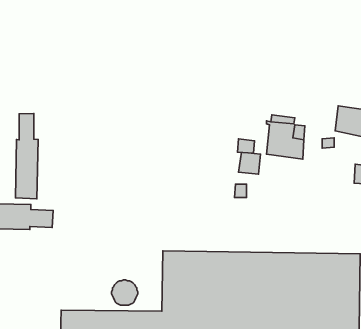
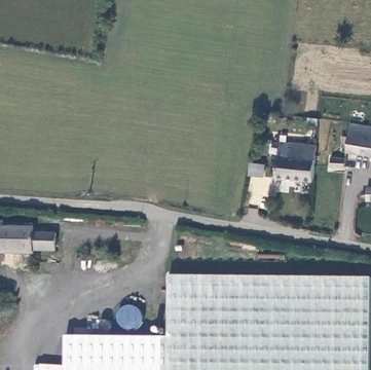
building: [15,113,38,199] -> none

